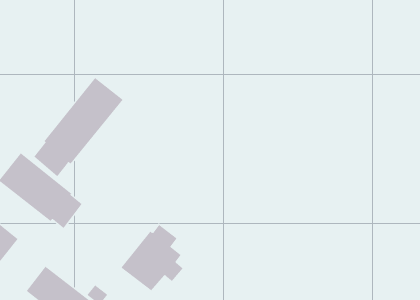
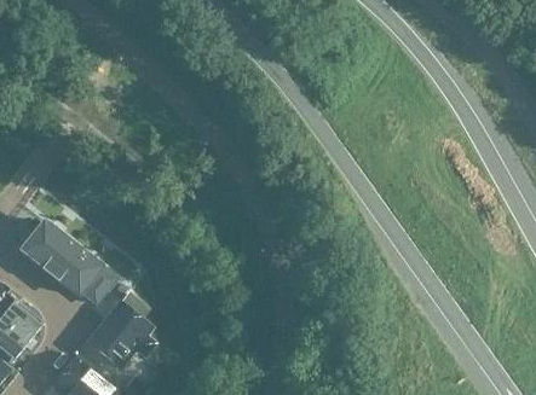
building: [34,77,124,177] -> none
building: [121,224,184,291] -> [83,289,157,367]

